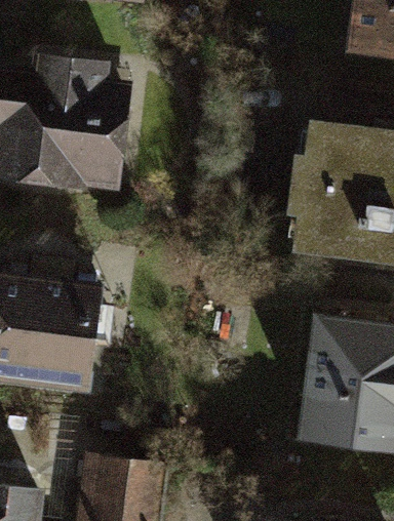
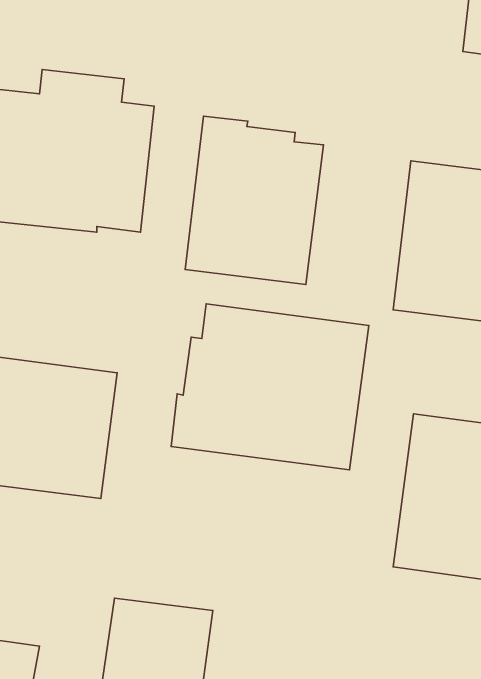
building: none -> [185,116,323,285]
building: none -> [171,304,369,470]

